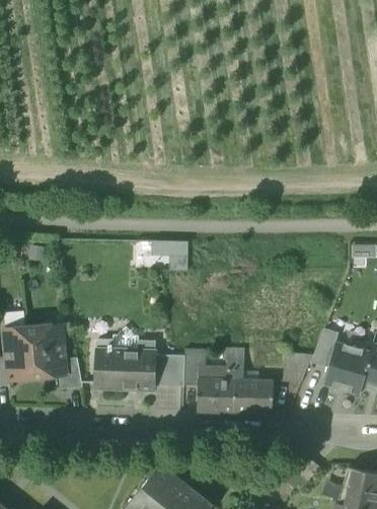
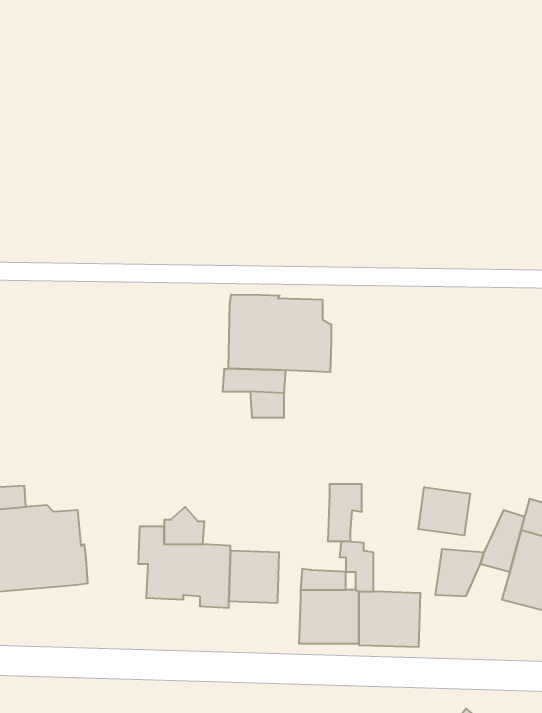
building: none -> [229,294,331,372]
building: none -> [418,487,470,536]
building: [183,350,205,385] -> [328,484,362,541]
building: [58,359,82,390] -> none

